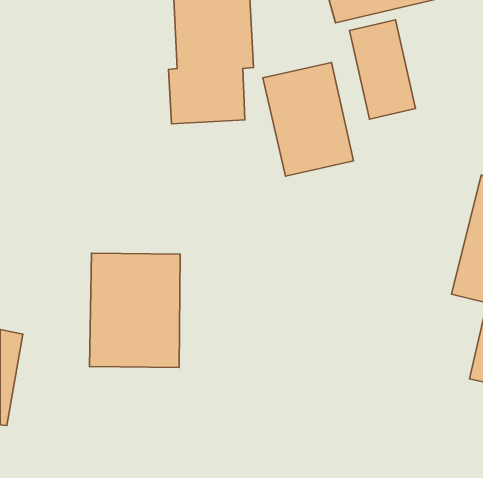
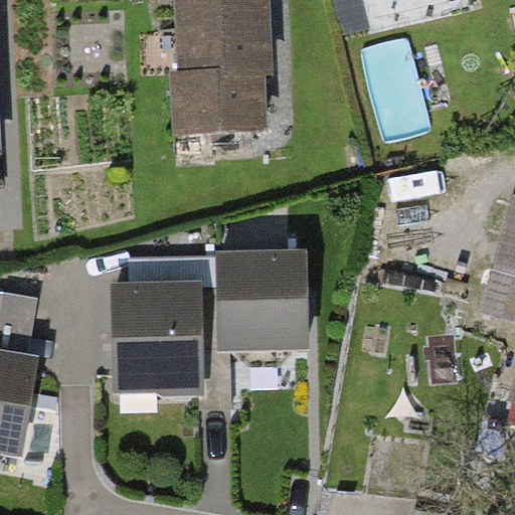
building: [263,62,353,176] -> none
building: none -> [219,251,315,372]

